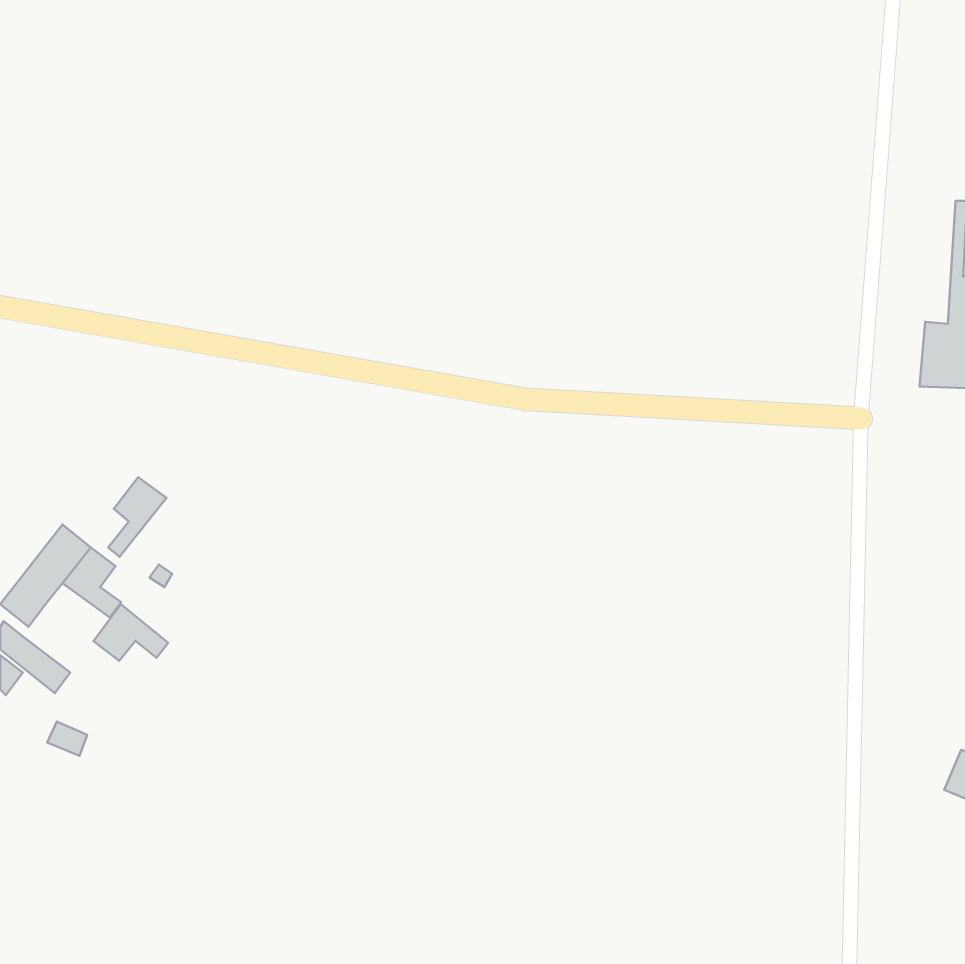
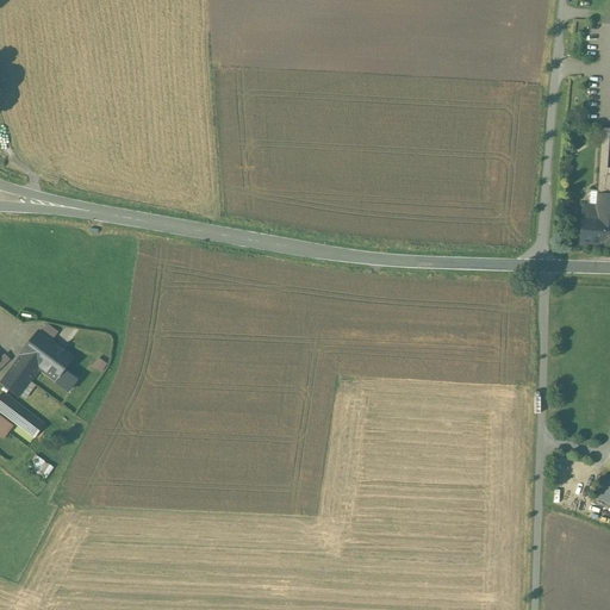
building: [108,477,167,557] -> none
building: [93,604,168,661] -> none

